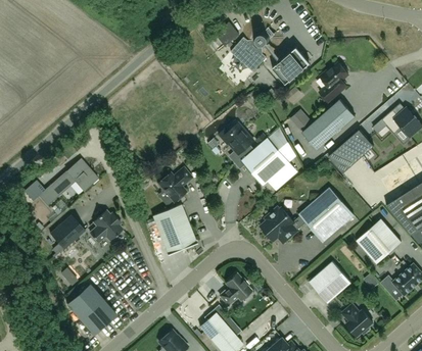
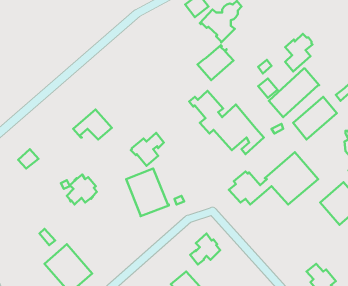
building: [272,47,310,84] -> [197,45,233,80]
building: [57,158,98,190] -> [73,109,112,139]
building: [50,214,85,249] -> none
building: [309,260,351,303] -> none

